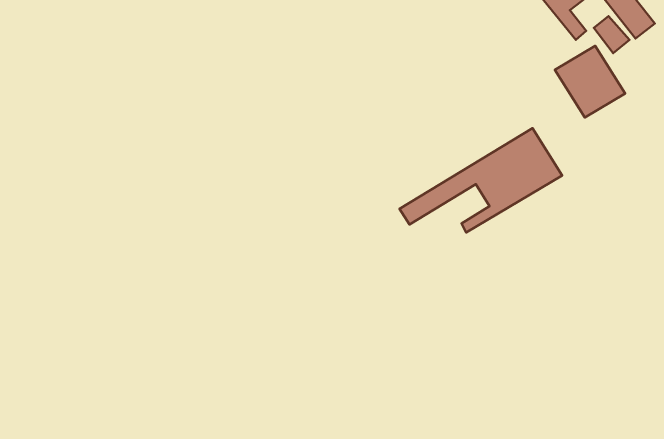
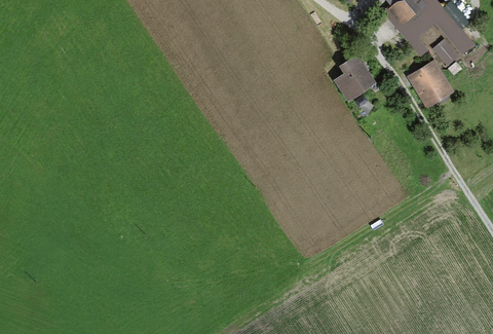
building: none -> [333,53,375,102]
building: [399,128,562,233] -> none

